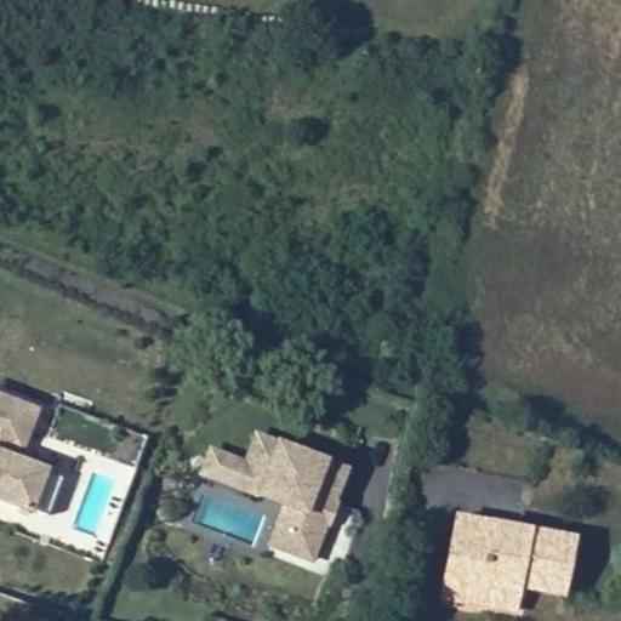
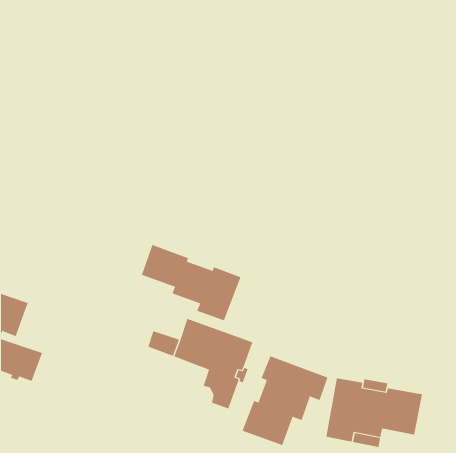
building: none -> [141,244,241,321]
building: none -> [242,355,328,446]

